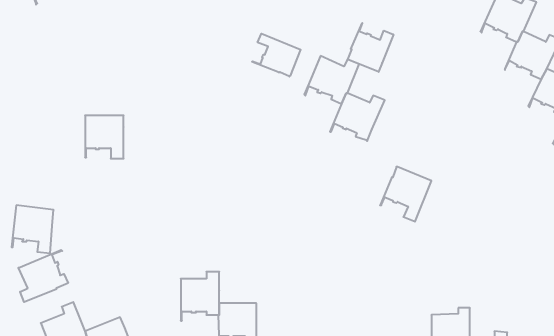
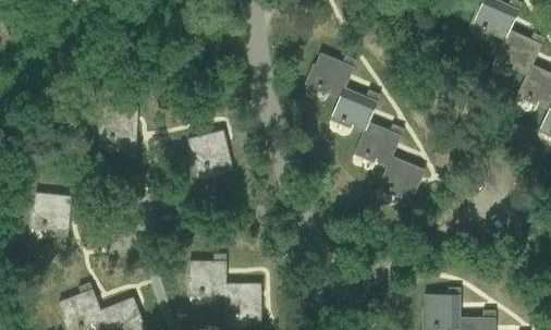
building: [348,23,393,72] -> none
building: [252,34,301,77] -> none
building: none -> [353,122,403,167]
building: none -> [188,131,232,178]
building: [18,250,68,302] -> none

